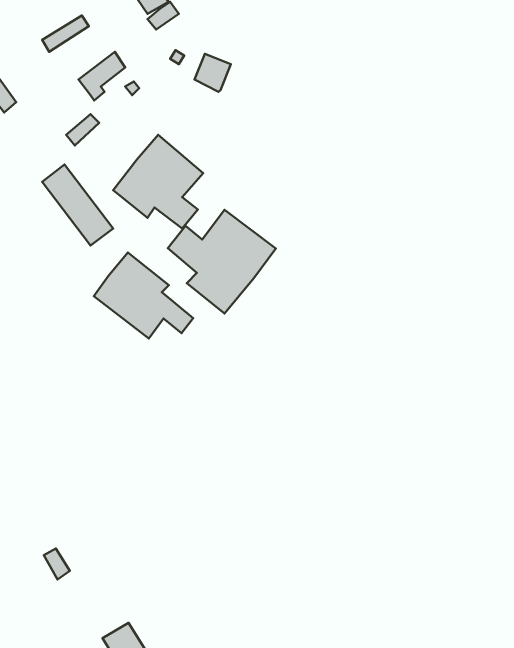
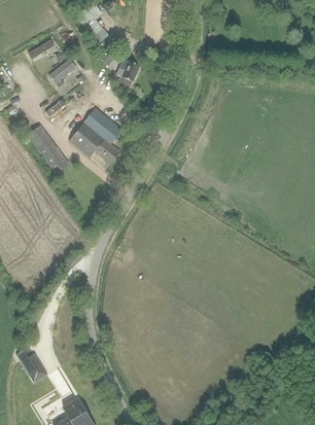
building: [168,210,276,314] -> none
building: [94,253,193,339] -> none

